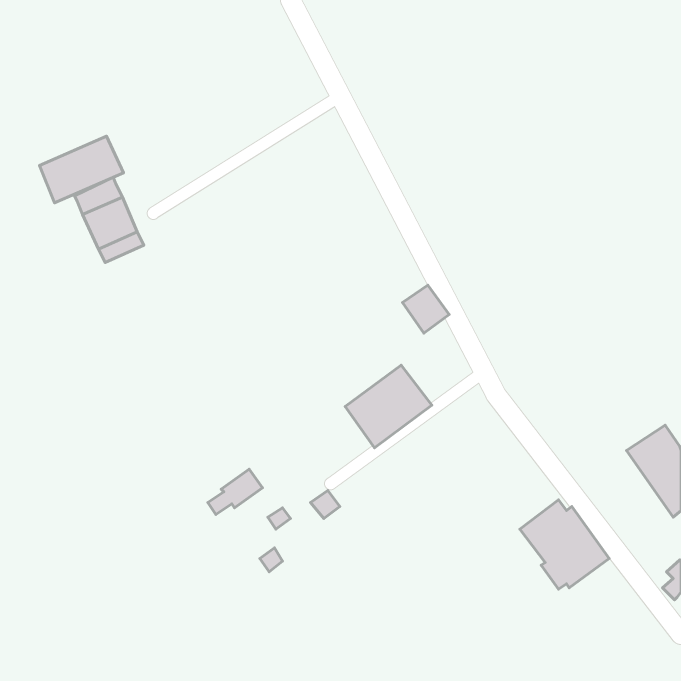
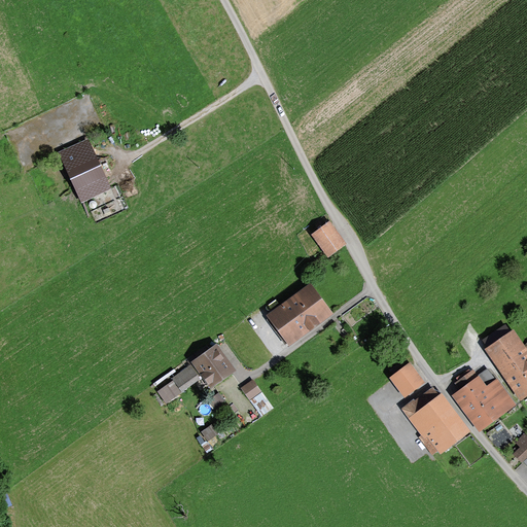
building: [39,136,124,203] -> none
building: none -> [190,342,236,387]
building: none -> [389,361,425,397]
building: none -> [452,367,516,432]

